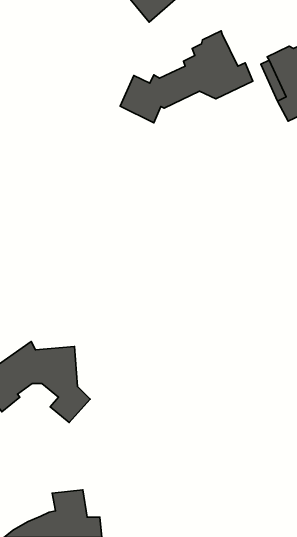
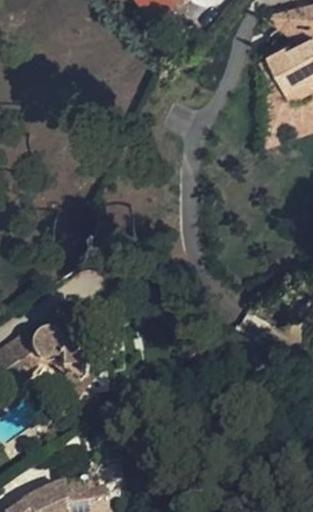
building: [120,31,253,123] -> none

